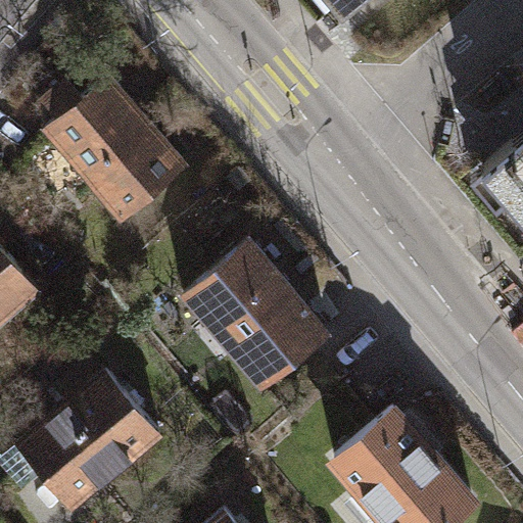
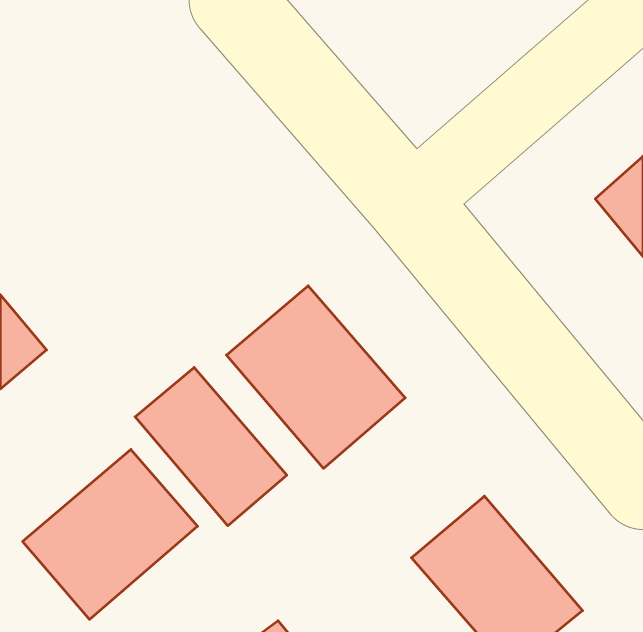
building: [46,80,184,222] -> none
building: none -> [135,367,287,526]

